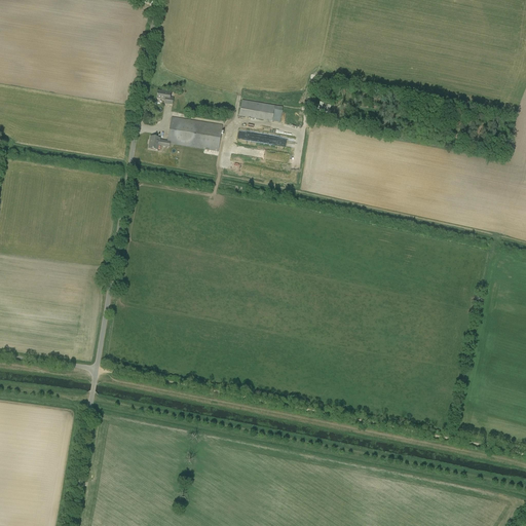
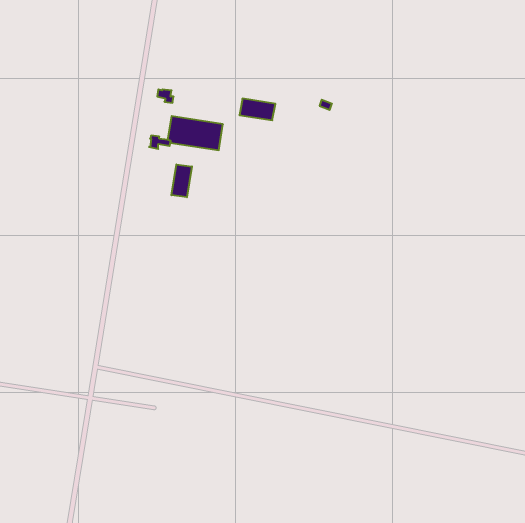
building: none -> [171,164,192,197]

